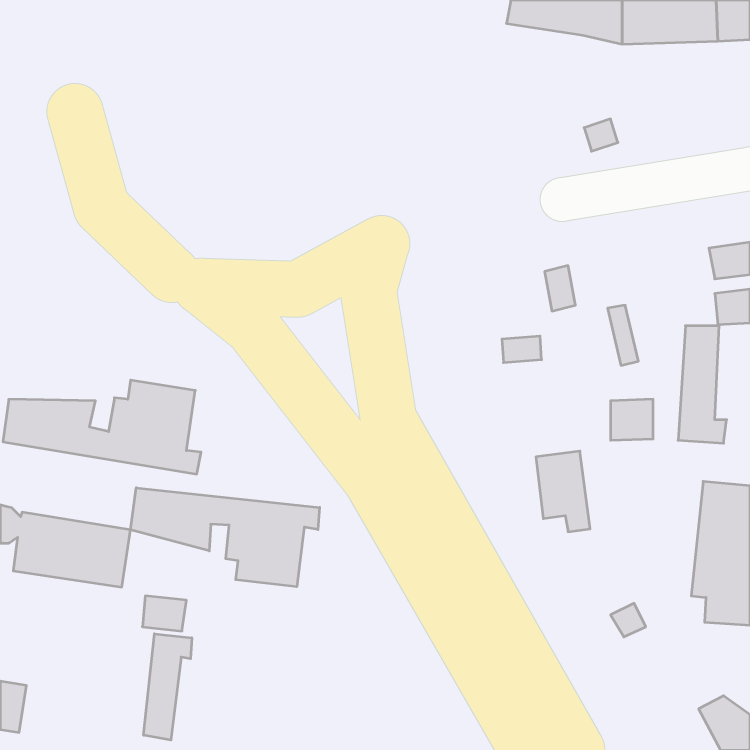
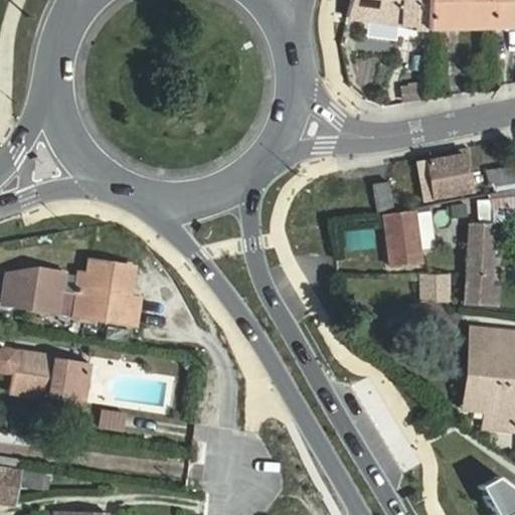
building: none -> [416,154,471,200]
building: [536,451,590,532] -> [383,210,420,266]
building: [131,488,320,587] -> none
building: [144,634,192,740] -> none

